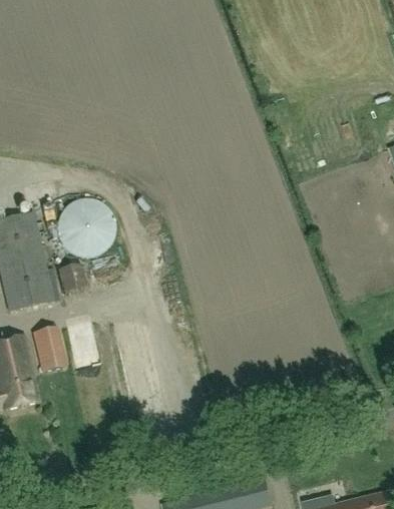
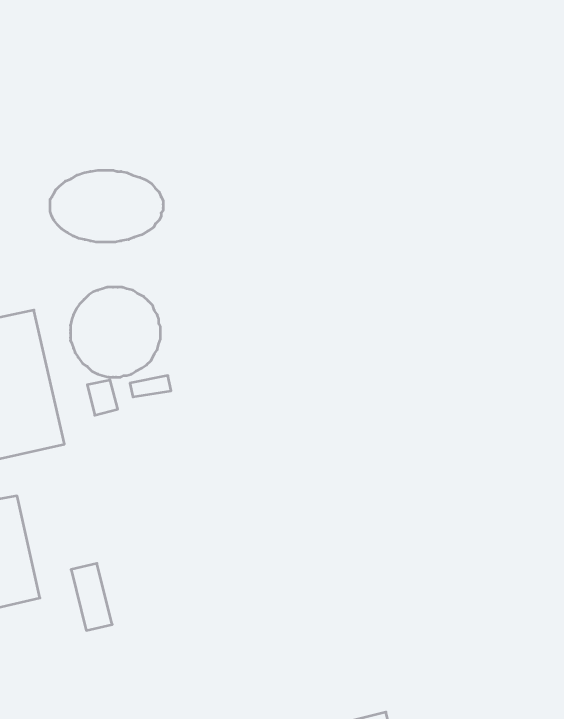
building: none -> [50,170,163,242]
building: [35,327,62,371] -> [71,563,112,630]

